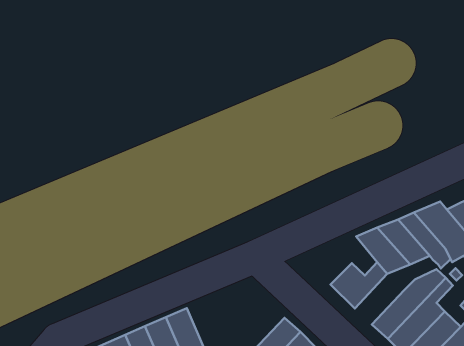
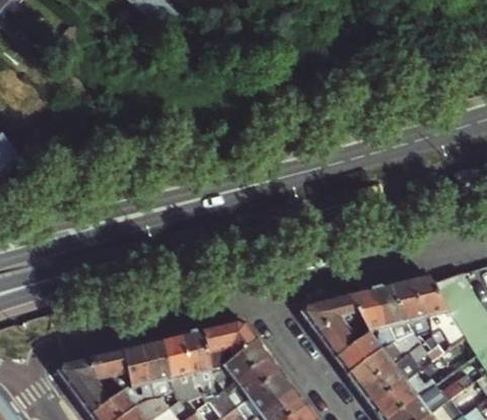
building: none -> [304,295,364,335]
building: none -> [337,334,384,377]
building: none -> [205,321,259,370]

